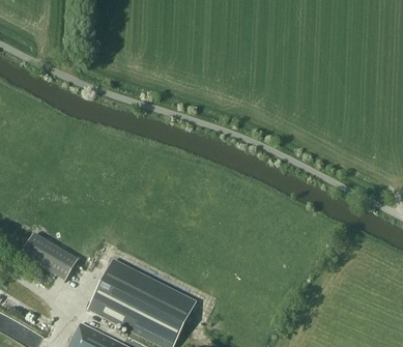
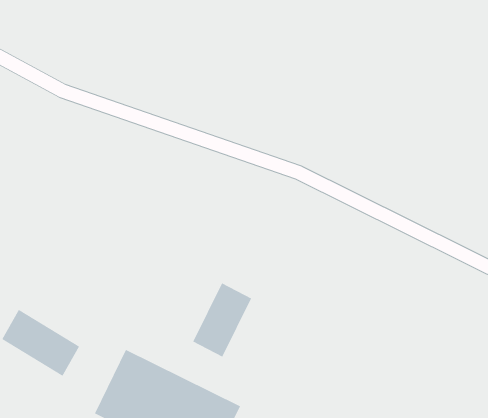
building: none -> [193,283,252,357]

